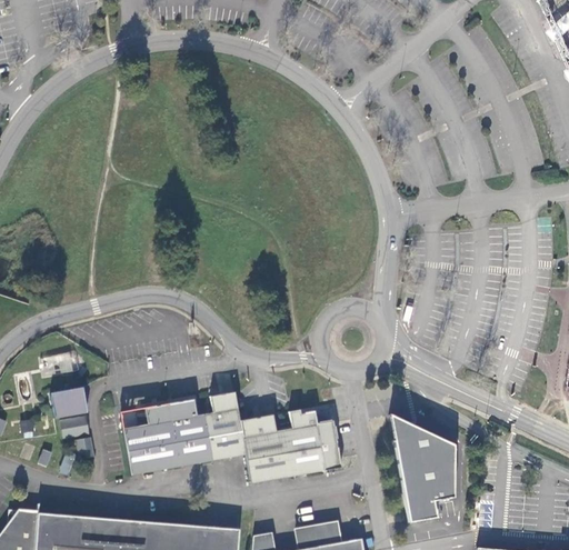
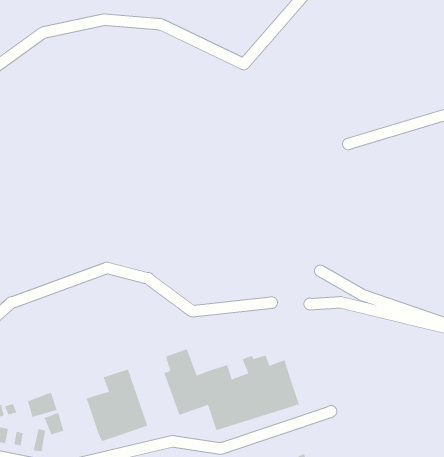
building: [51,386,88,418] -> none
building: [171,400,216,466] -> none
building: [390,416,455,521] -> none

